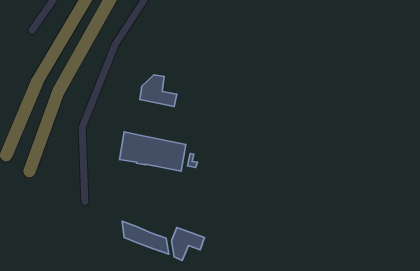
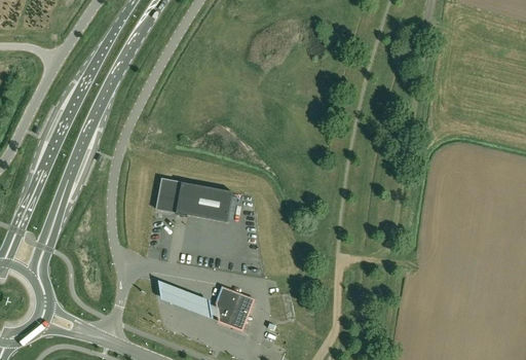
building: [140,75,177,106] -> none

